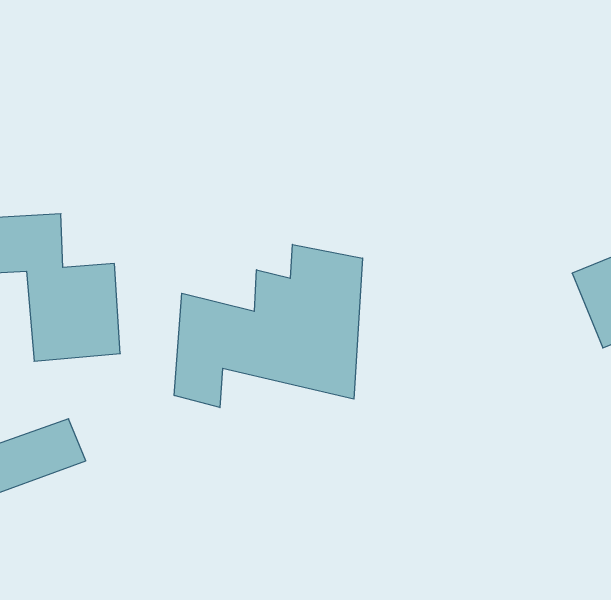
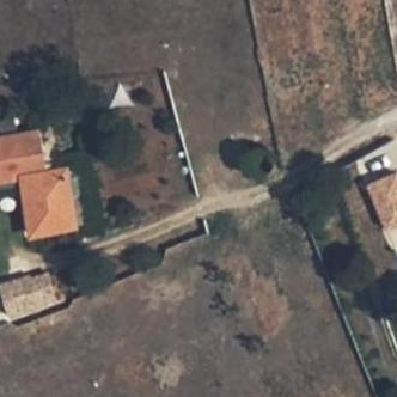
building: [174,244,363,408] -> none

